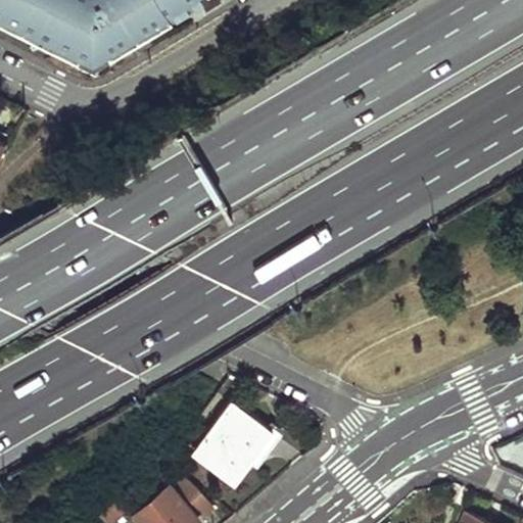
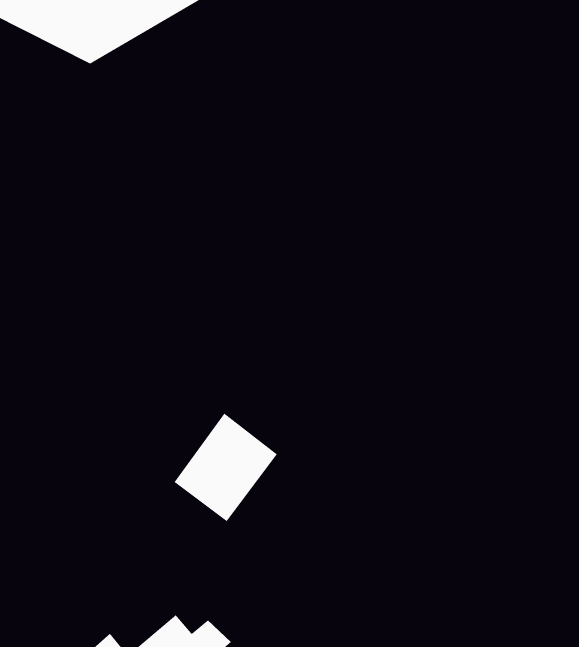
building: [193,402,273,486] -> [173,413,278,522]

